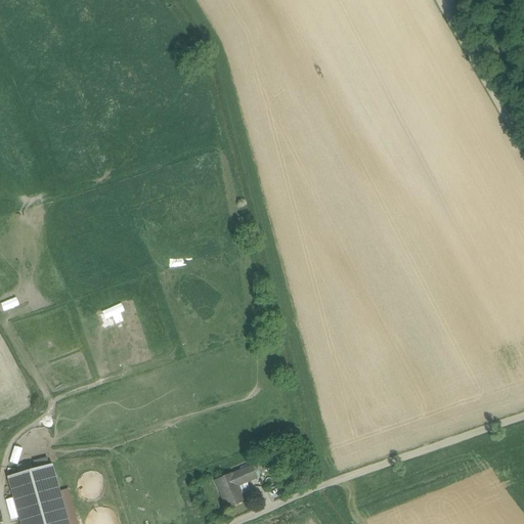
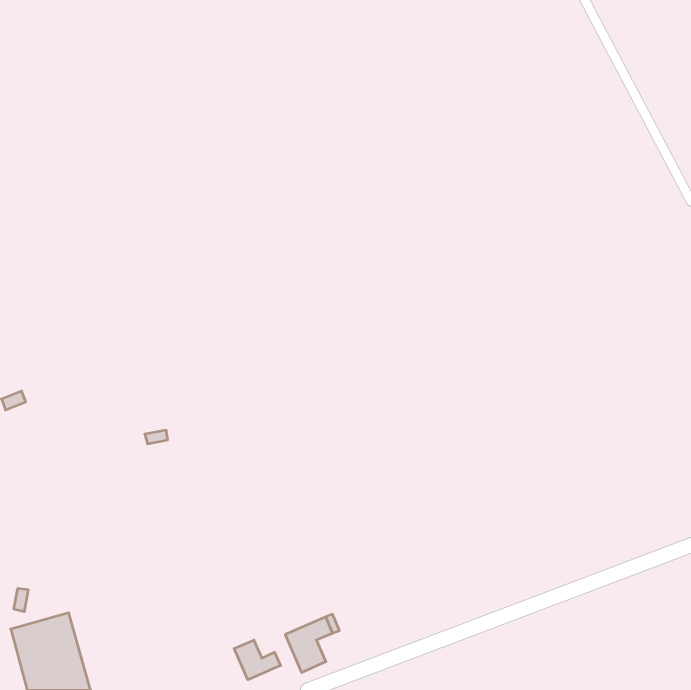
building: none -> [234,640,281,680]

